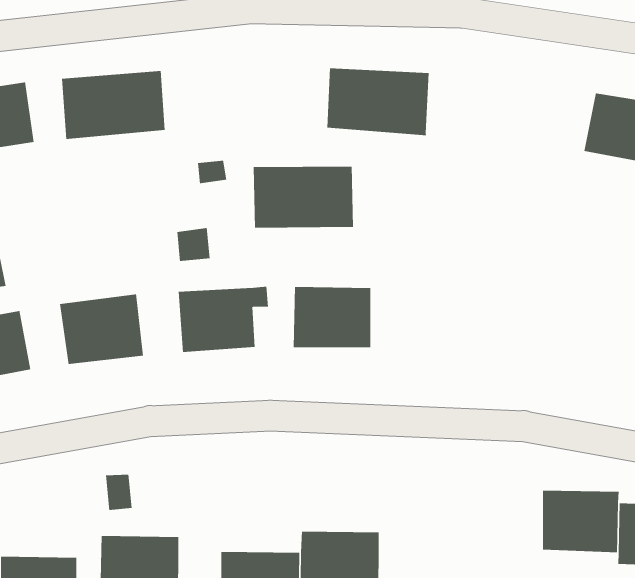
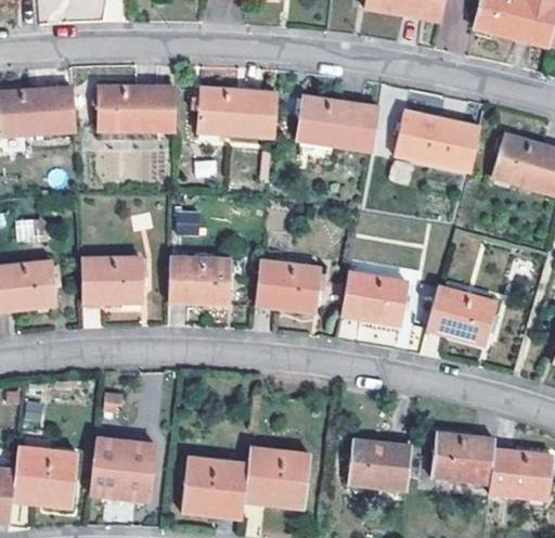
building: none -> [396,110,479,172]
building: [253,166,354,228] -> [197,86,276,139]
building: none -> [343,271,408,325]
building: none -> [427,285,496,345]
building: none -> [347,438,411,490]

